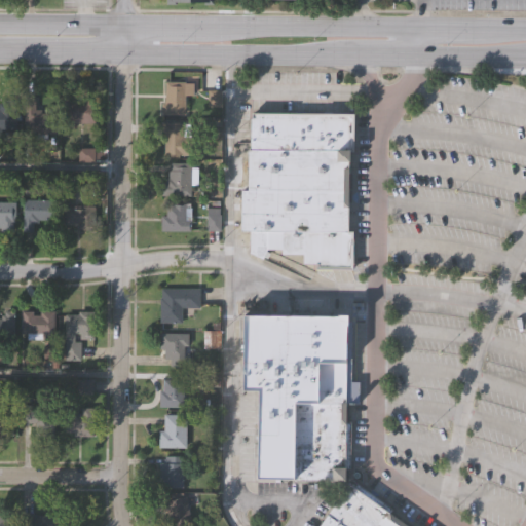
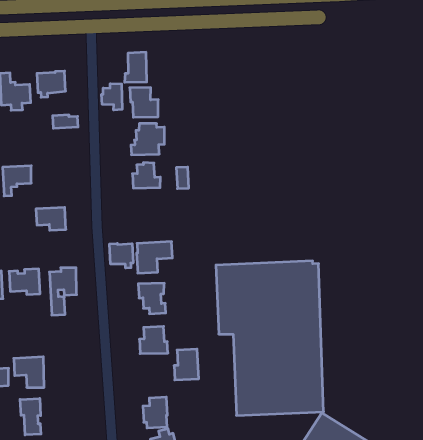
building: [241,115,352,269] -> none
building: none -> [102,84,122,110]
building: [62,206,92,230] -> [36,207,66,230]
building: none -> [110,243,133,268]
building: [68,408,97,437] -> none
building: [160,415,186,447] -> [174,349,199,380]
building: none -> [20,398,41,435]

